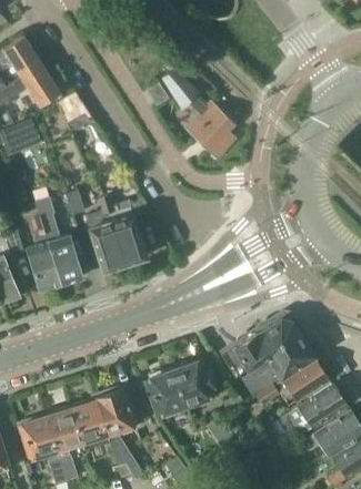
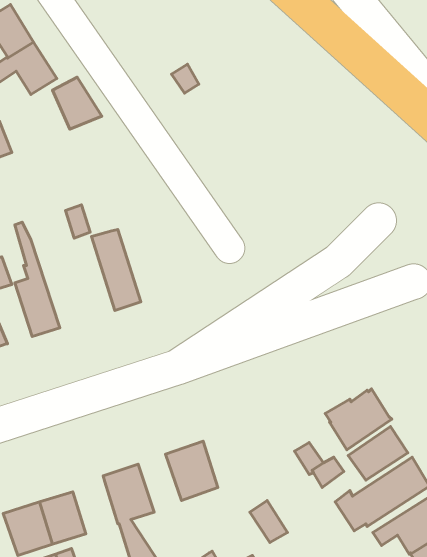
building: [161,69,234,156] -> none
building: [98,193,144,264] -> none
building: [32,196,82,284] -> none
building: [221,315,300,377] -> none
building: [171,360,217,406] -> none
building: [71,401,106,441] -> none

